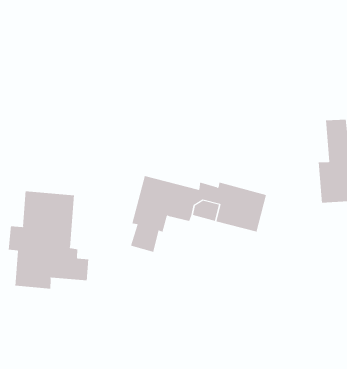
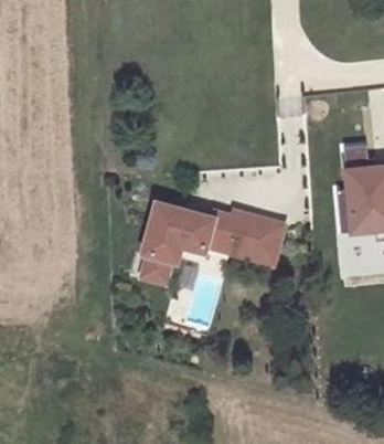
building: [8,191,89,289] -> none

